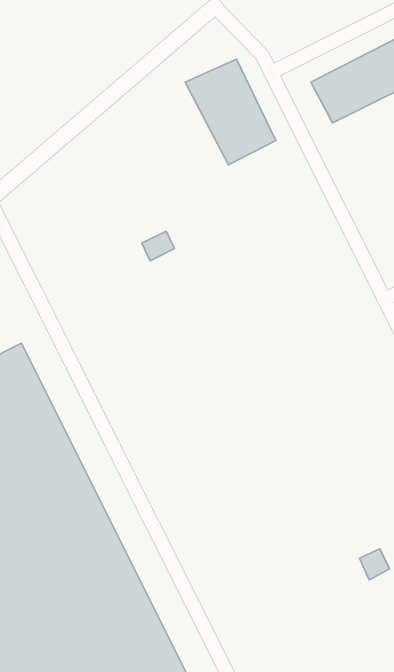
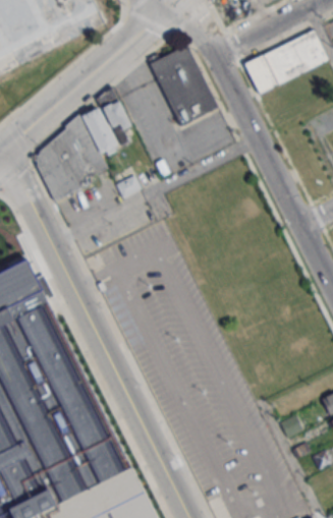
building: none -> [33,98,130,202]

